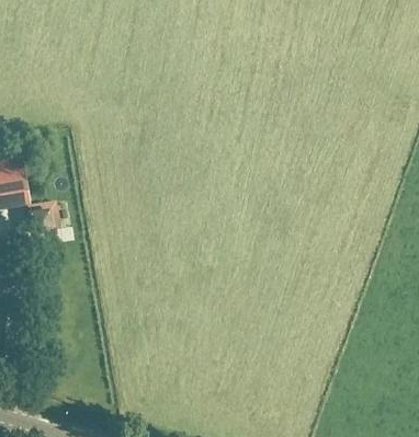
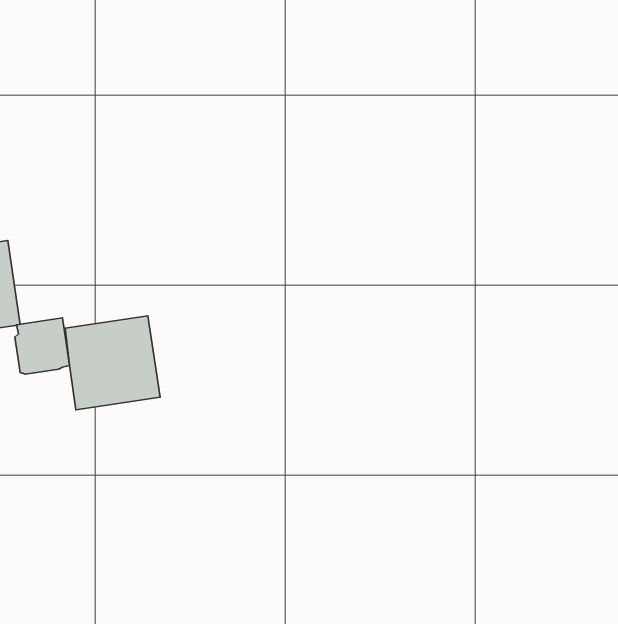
building: none -> [65,316,160,410]

